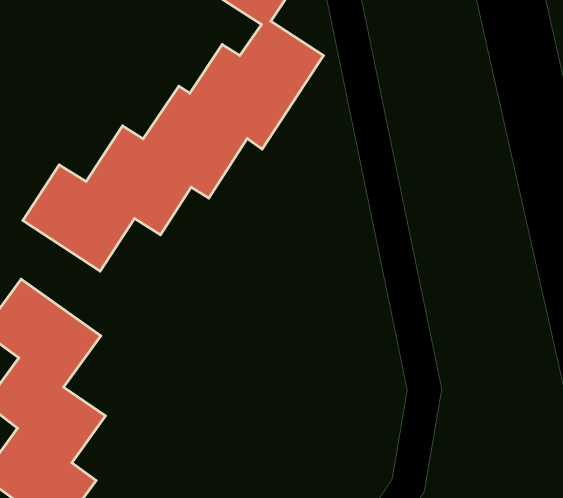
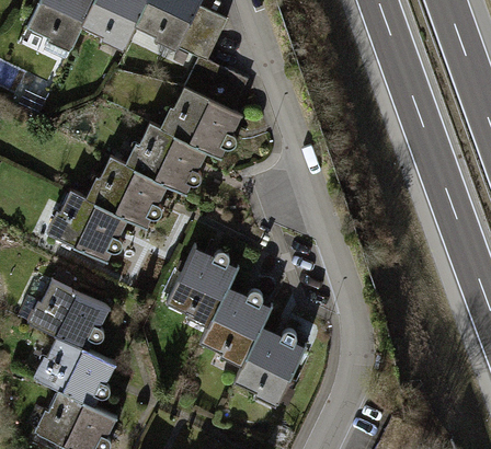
building: none -> [167,245,307,407]

